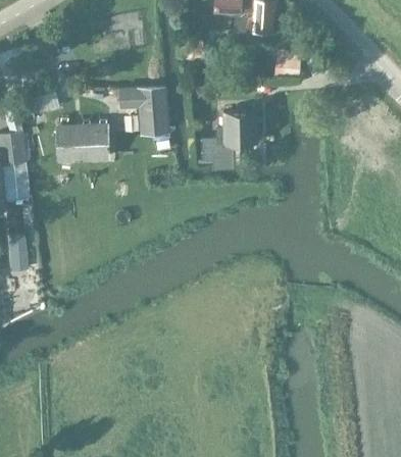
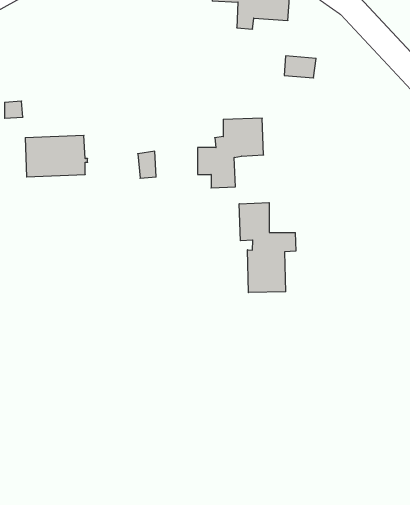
building: [120,87,170,136] -> none
building: none -> [239,203,296,293]

